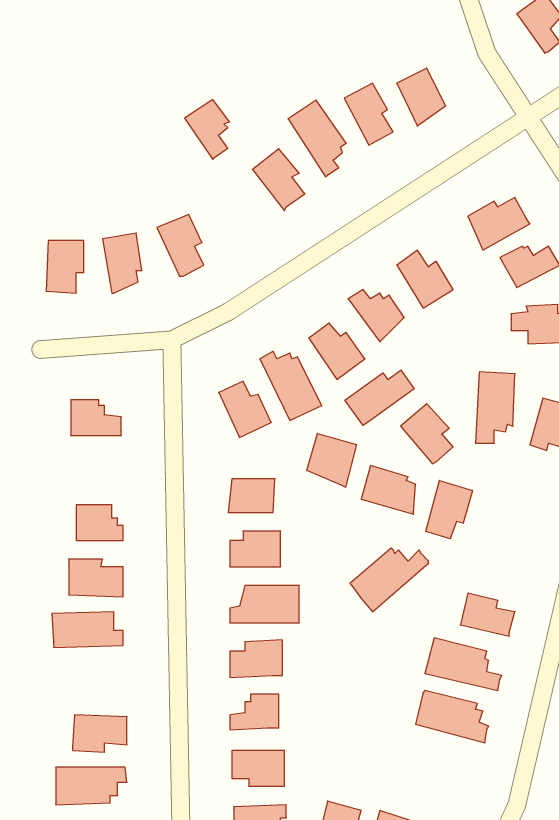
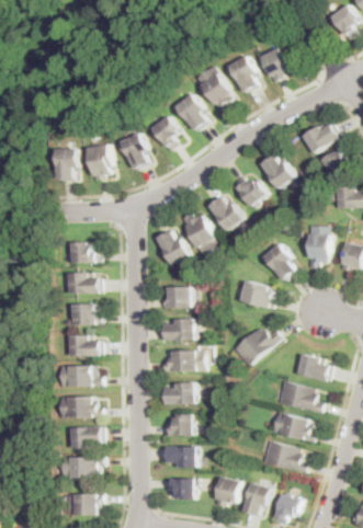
building: [185,100,230,159] -> [151,116,178,151]
building: [345,370,414,425] -> none
building: [307,433,357,487] -> none
building: none -> [68,273,98,294]
building: [426,480,473,539] -> none
building: none -> [59,397,100,418]
building: none -> [262,441,306,473]

